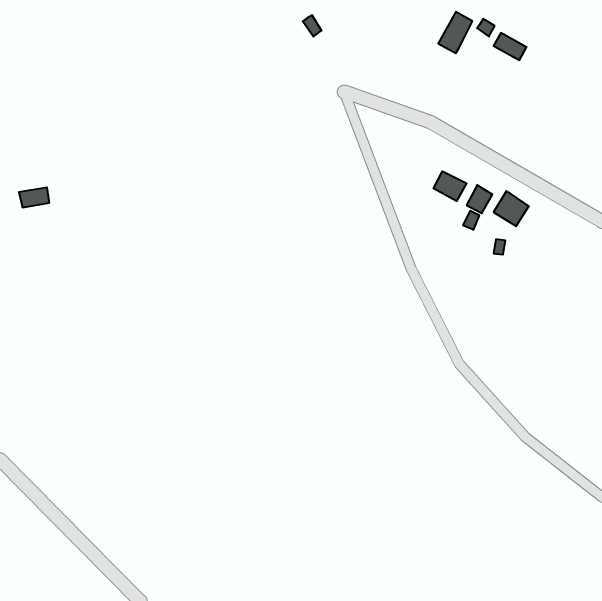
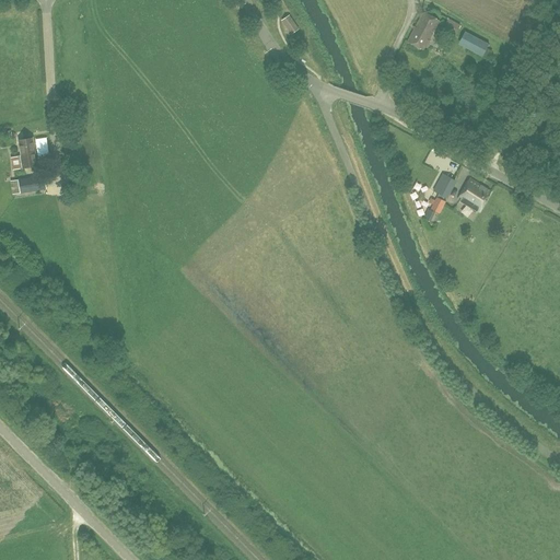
building: none -> [19,137,37,167]
building: [434,171,467,201] -> none

